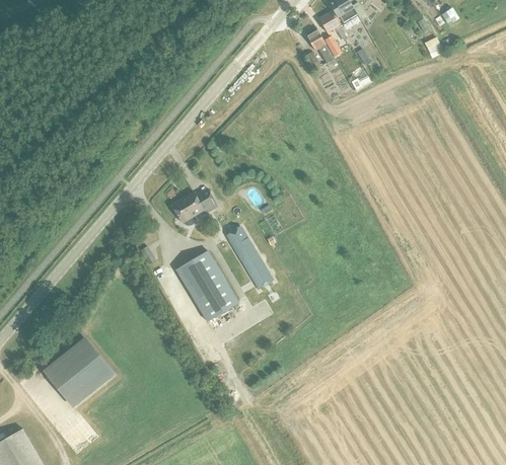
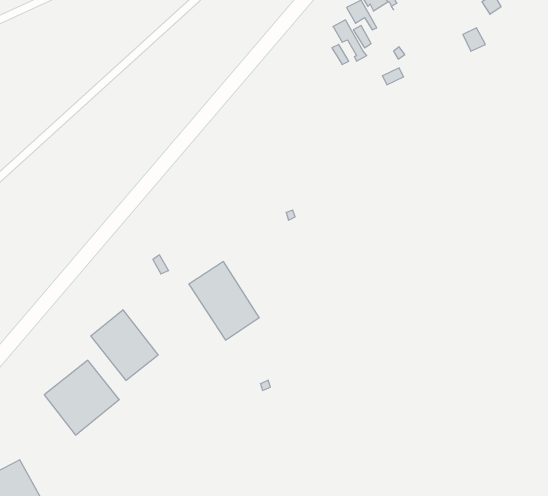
building: [170,192,214,226] -> none
building: [226,226,274,288] -> none
building: none -> [91,310,158,380]

